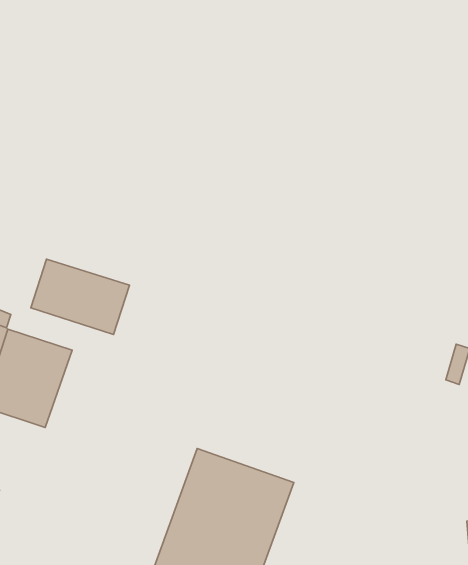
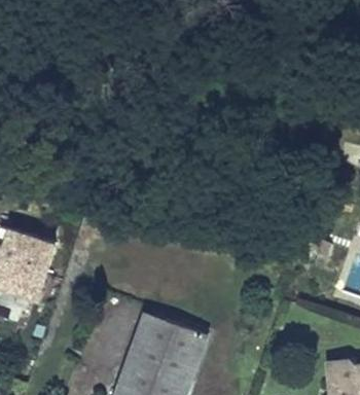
building: [31,259,130,335] -> none

